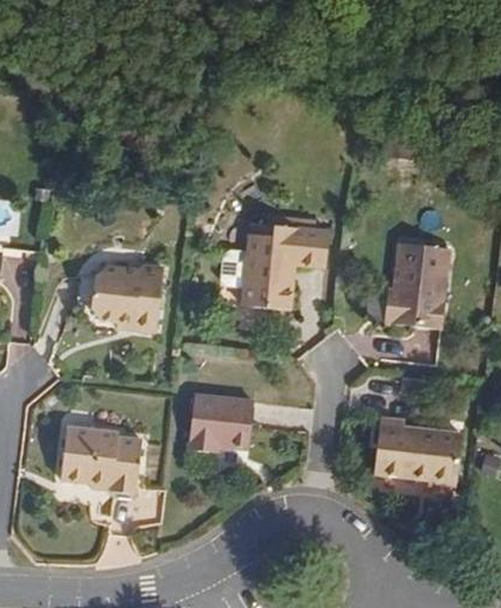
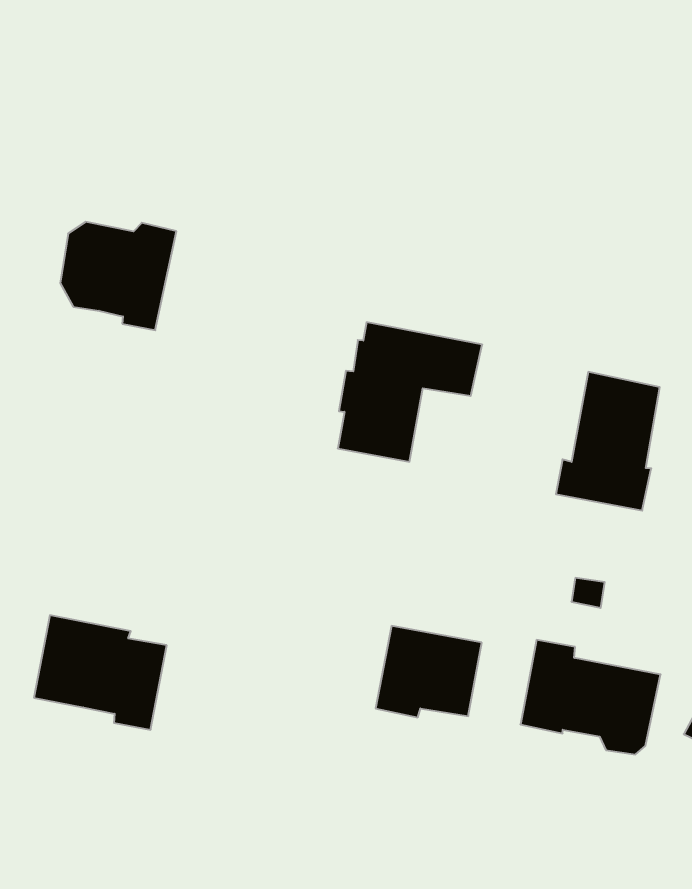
building: [85,261,157,329] -> [60,222,176,330]
building: [183,391,247,448] -> [376,626,482,717]

